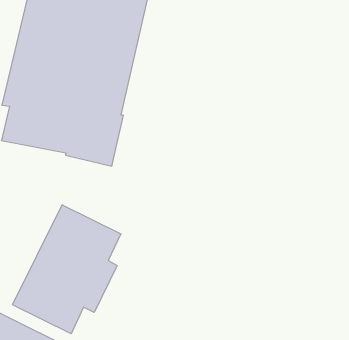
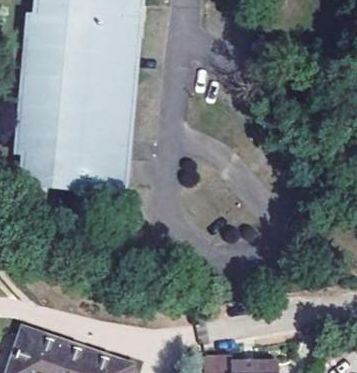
building: [12,205,121,334] -> none

